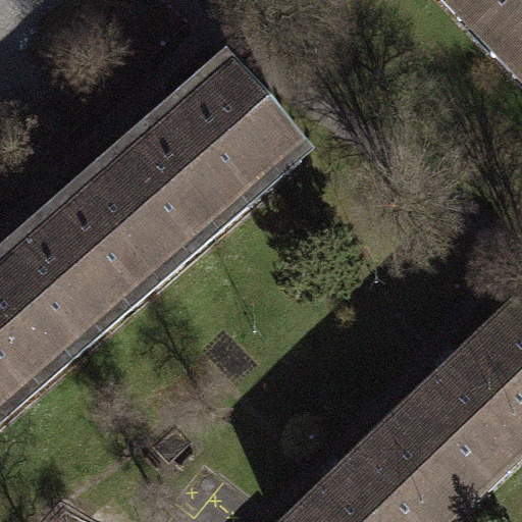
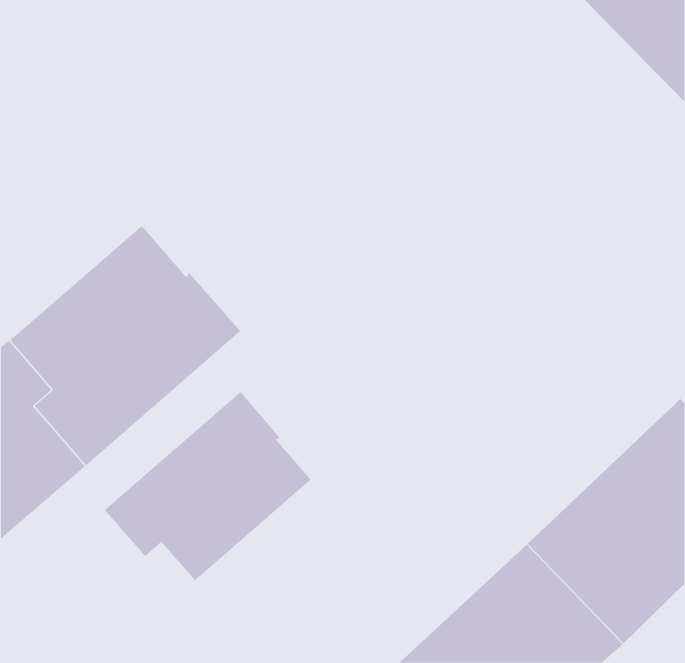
building: [108,65,303,252] -> none
building: none -> [104,391,312,581]

